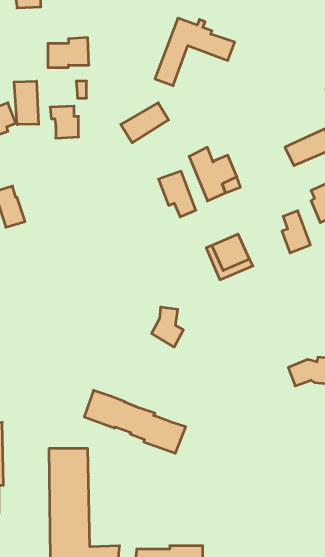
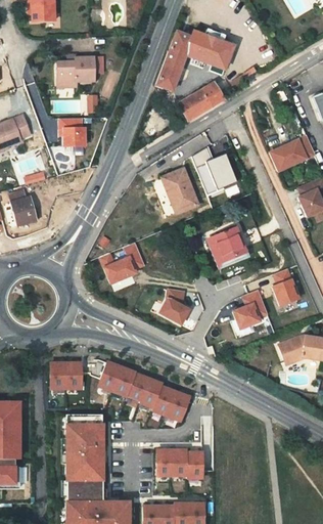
building: [14,81,39,125] -> none
building: [121,103,169,143] -> [183,87,226,123]
building: [282,211,310,253] -> [273,268,298,306]
building: none -> [96,244,141,283]
building: none -> [231,291,265,330]
building: none -> [47,366,78,393]
building: none -> [155,451,200,479]

